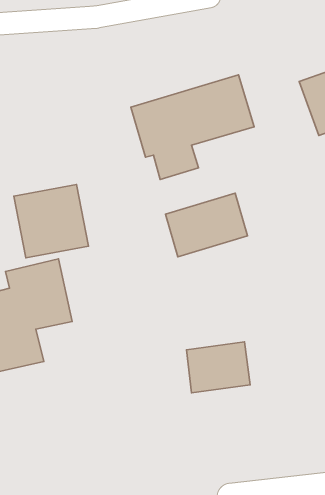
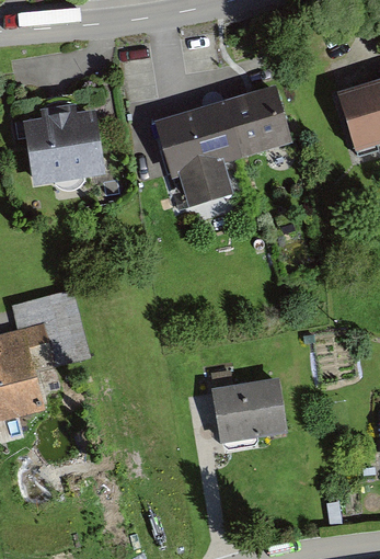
building: [14,185,88,258] -> [23,105,106,187]
building: [165,193,247,257] -> none

